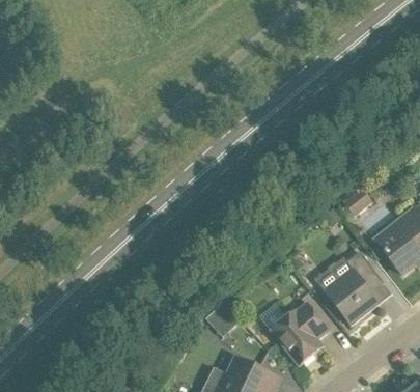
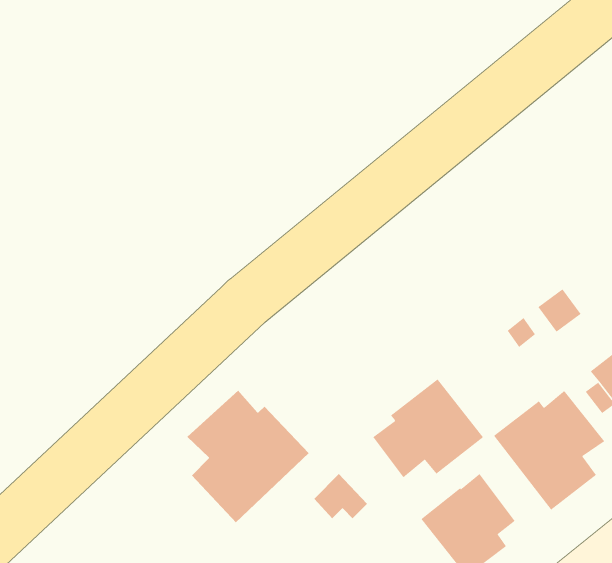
building: none -> [372,378,484,478]
building: none -> [187,390,309,523]

